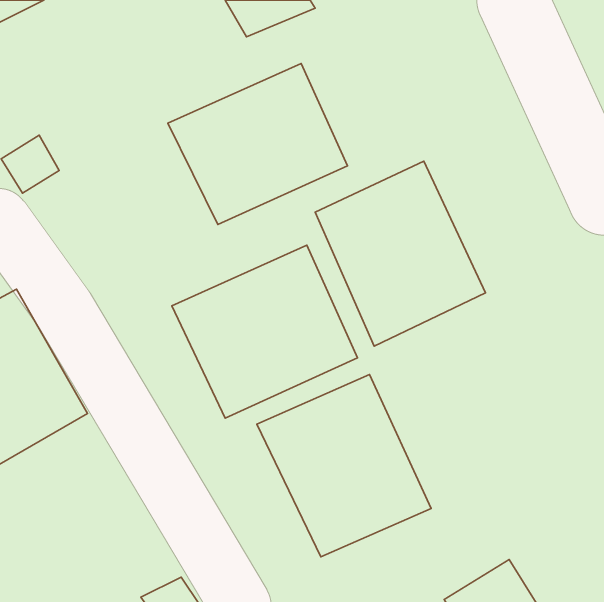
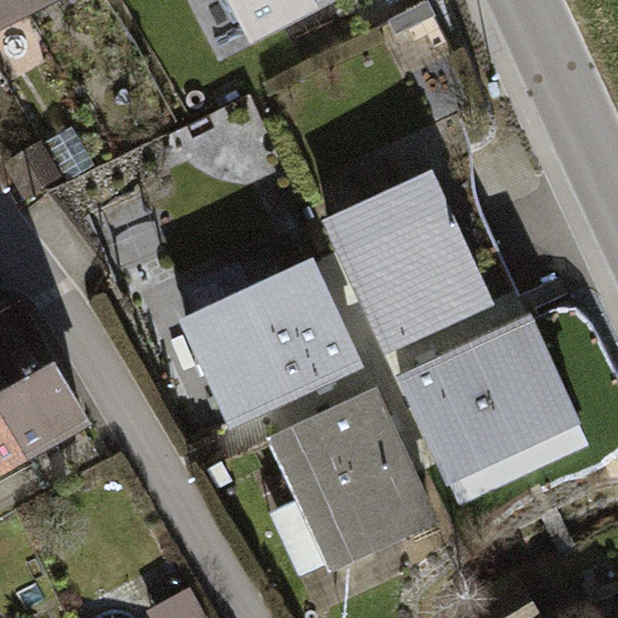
building: [168,64,347,224] -> none
building: none -> [393,310,589,509]

